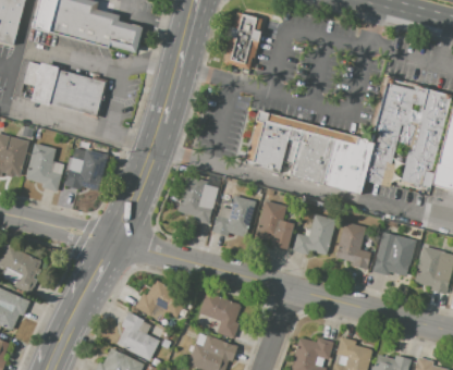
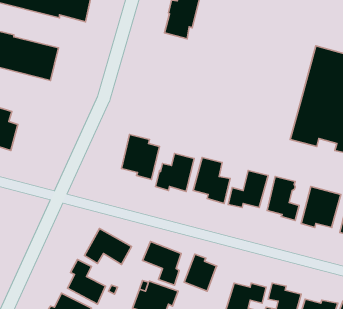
building: [244,111,371,194] -> none
building: [64,147,108,192] -> none
building: none -> [184,254,217,291]

